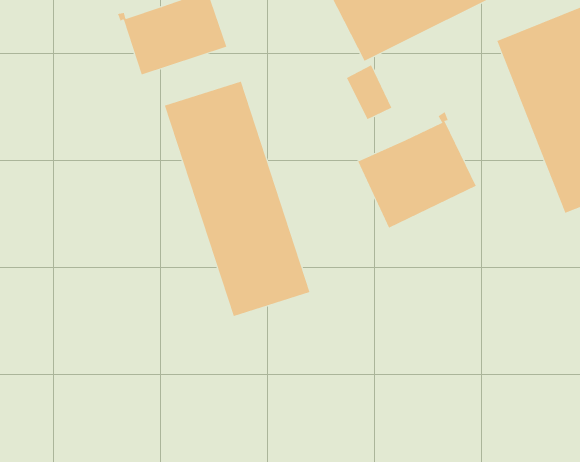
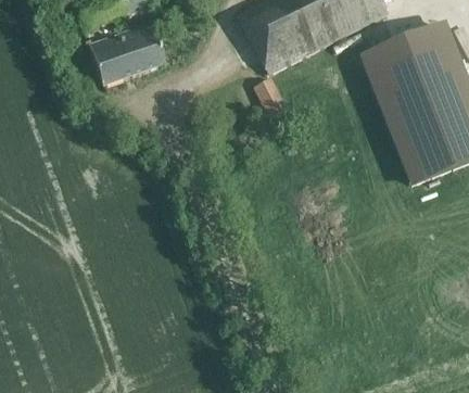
building: [164,81,310,317] -> none
building: [357,111,477,229] -> none

